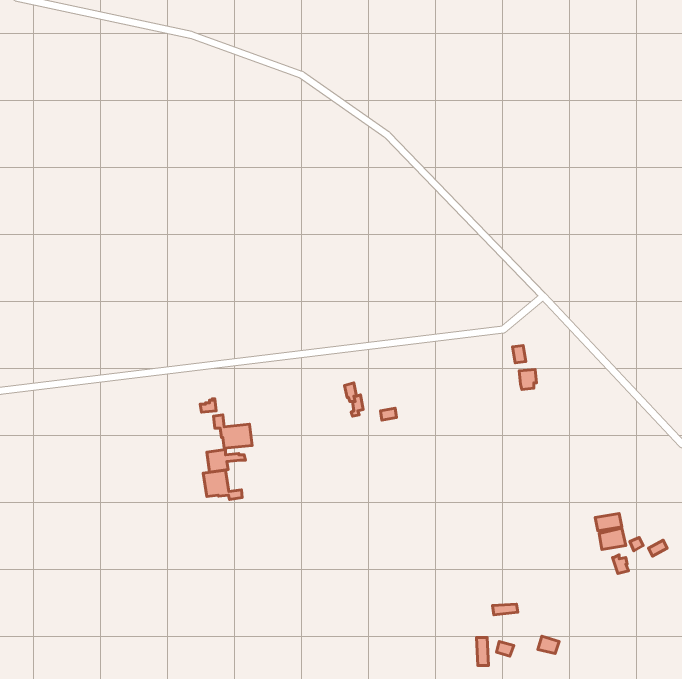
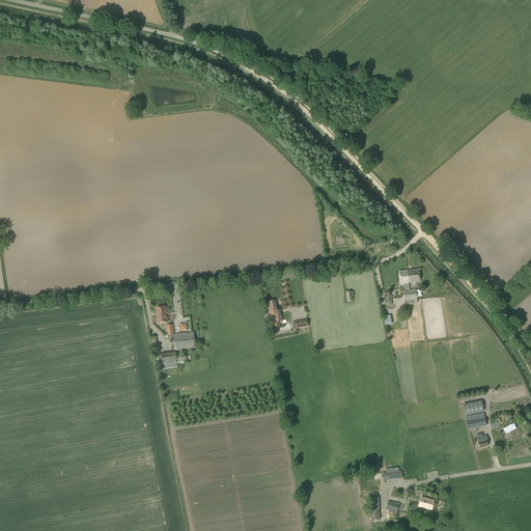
building: [203,470,242,499] -> none

